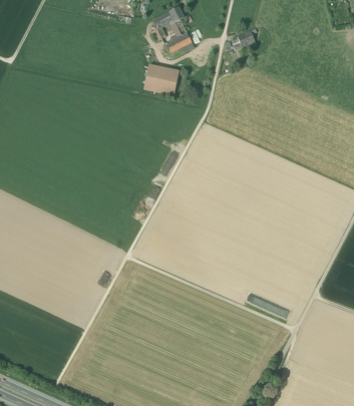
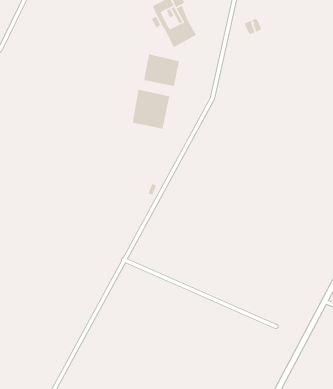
building: none -> [132,89,170,130]

